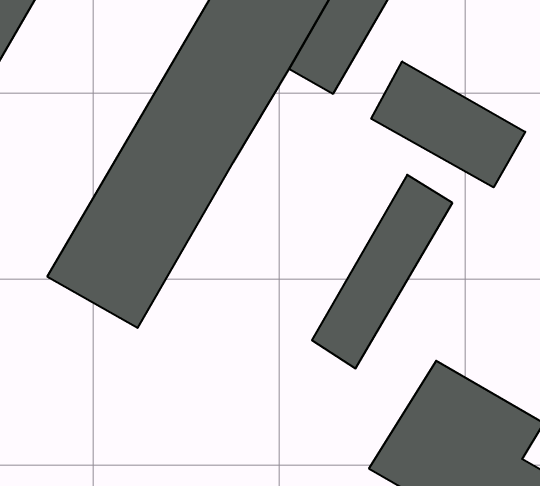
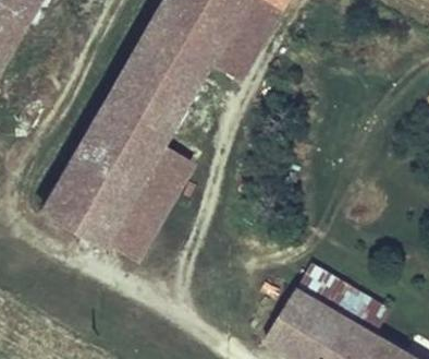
building: [371,61,525,187] -> none
building: [312,175,452,368] -> [105,127,203,262]

